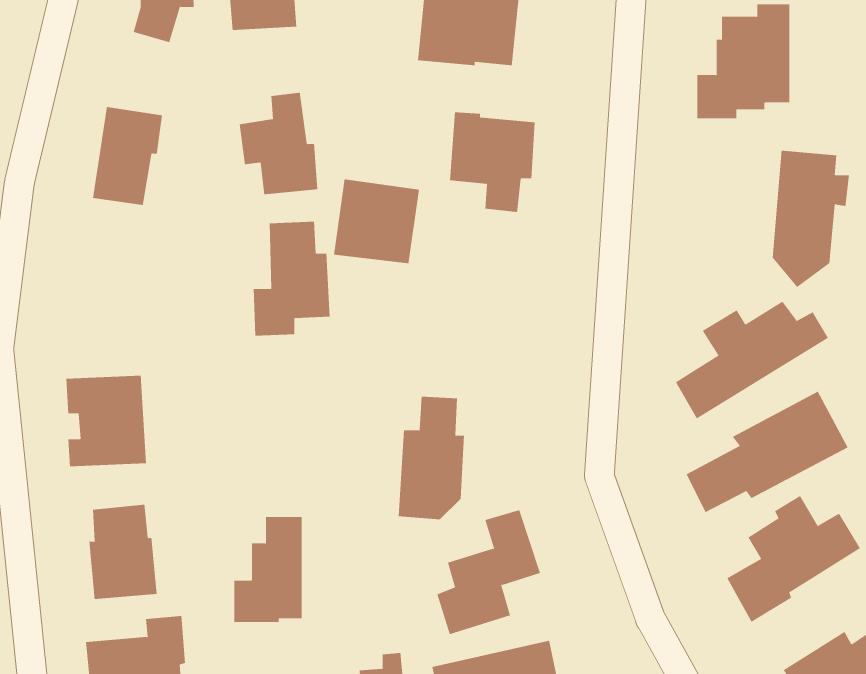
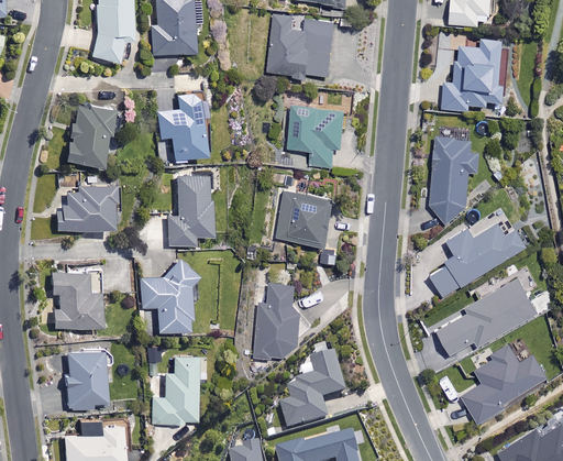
building: [772,150,850,288] -> [430,138,478,223]
building: [333,179,420,264] -> [278,191,332,244]
building: none -> [56,184,113,229]
building: none -> [142,261,196,331]

